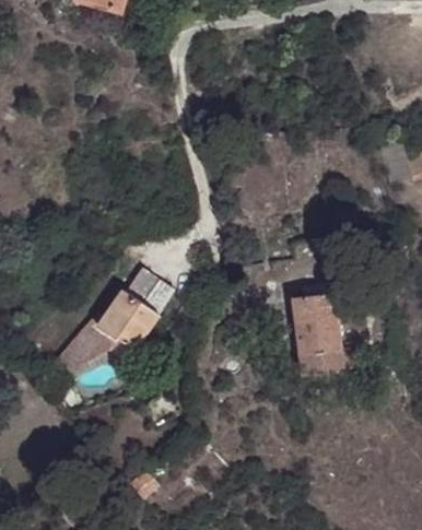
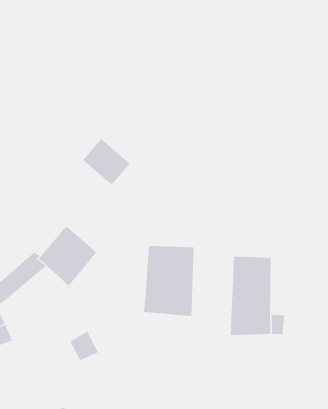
building: [125,268,173,313] -> [82,138,130,185]
building: none -> [143,245,194,317]

